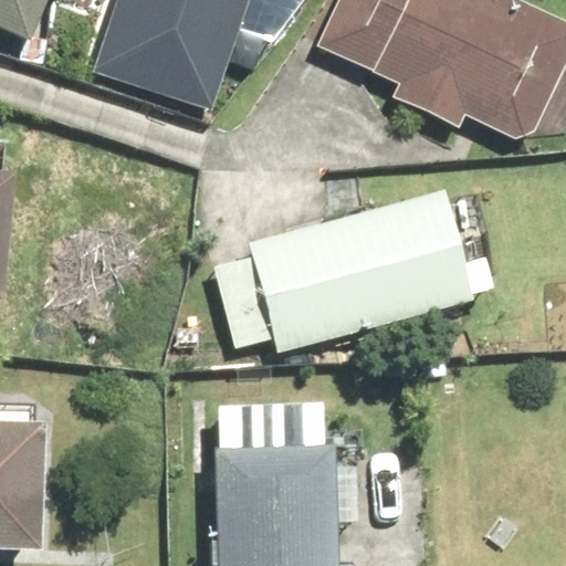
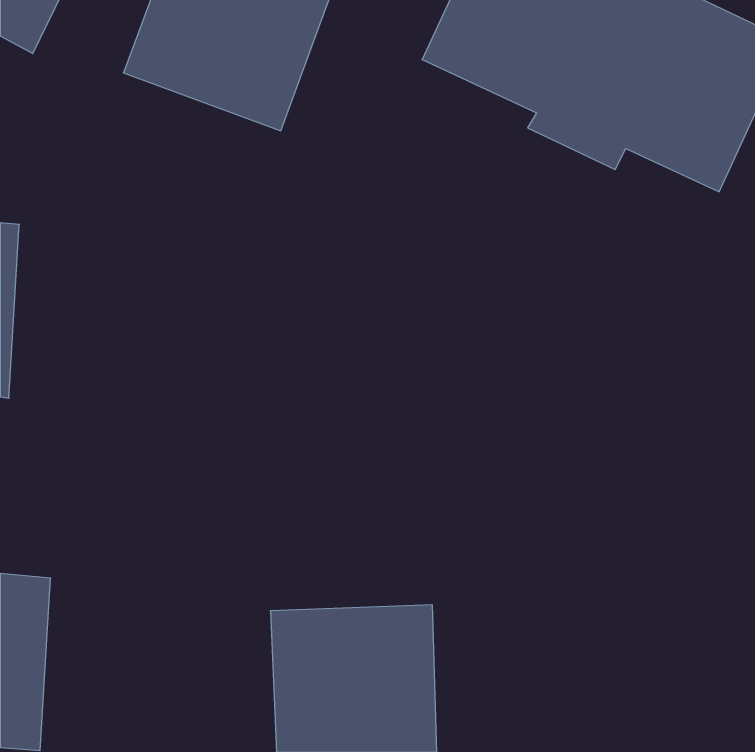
building: [250,193,468,352] -> none

